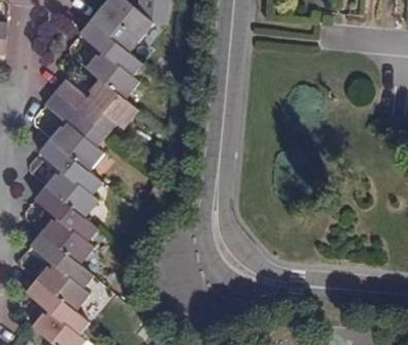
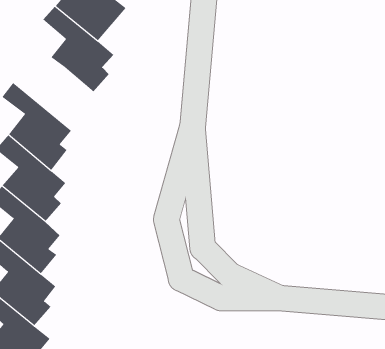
building: [53,78,138,135] -> none

